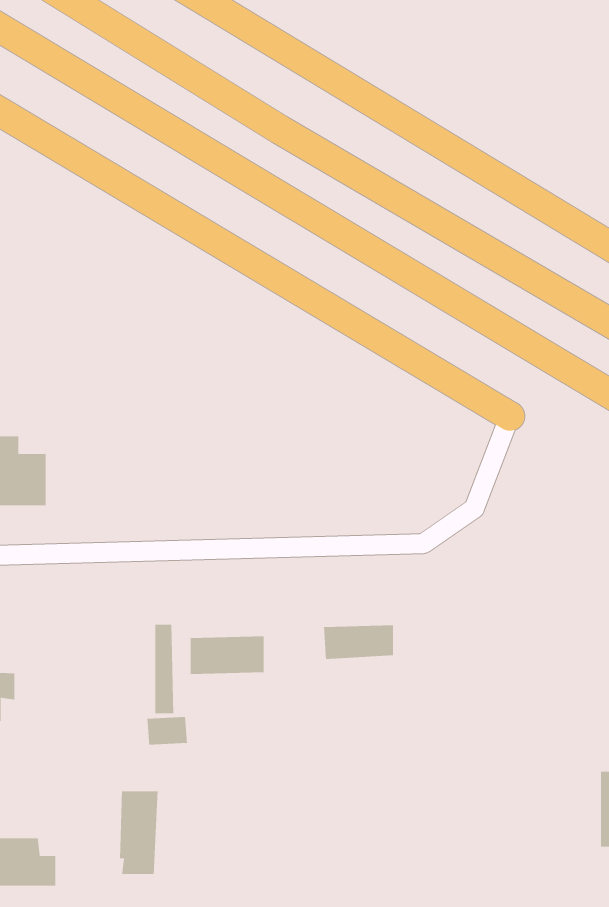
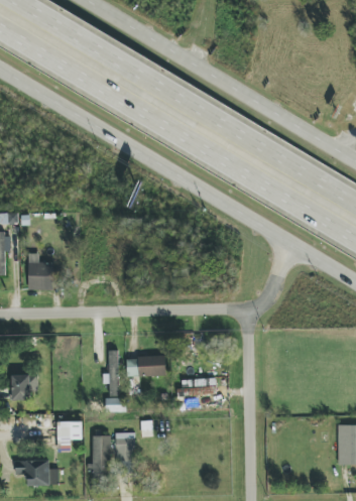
building: [323,625,394,660] -> [180,378,216,396]
building: none -> [57,421,83,452]
building: none -> [116,432,134,461]

